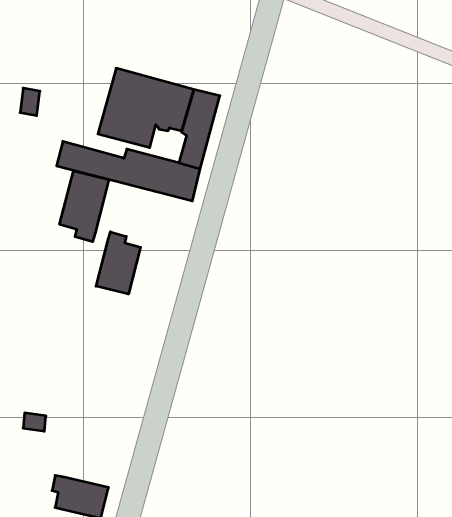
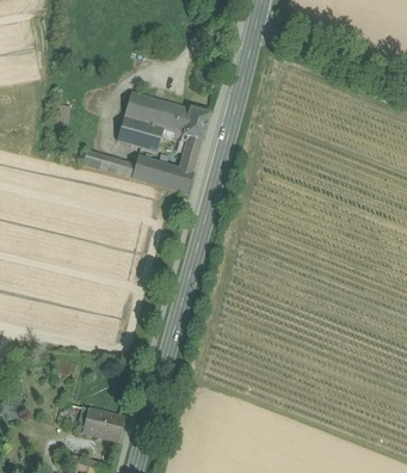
building: [60,171,109,242] -> none
building: [96,232,141,294] -> none

